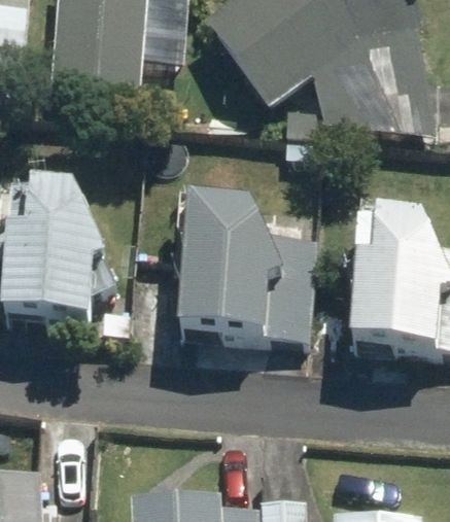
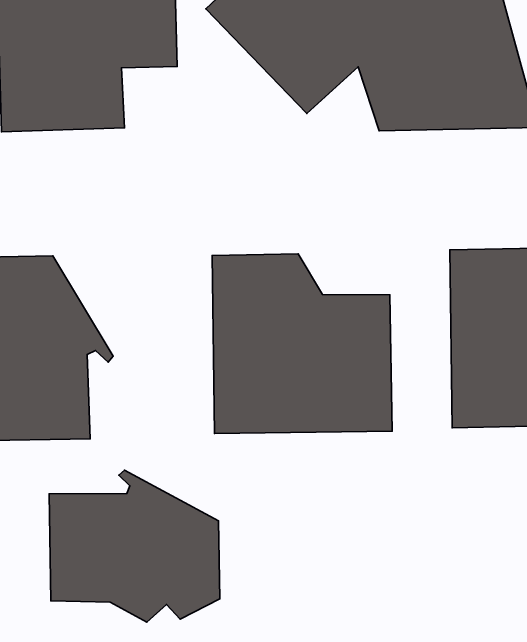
building: none -> [49,470,220,622]

